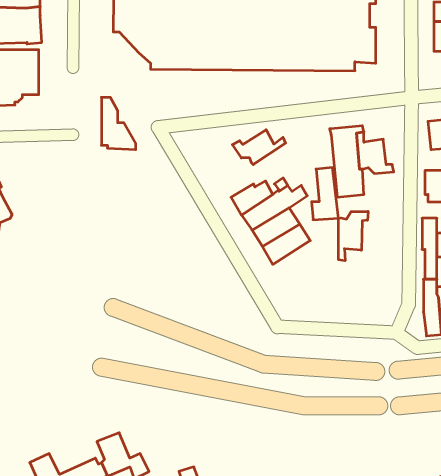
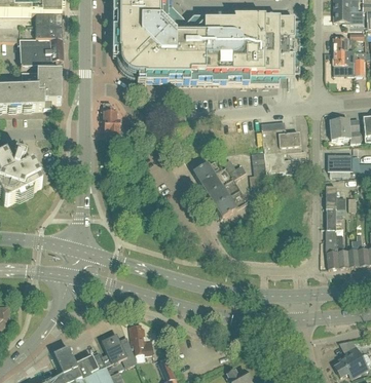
building: [232,130,286,165] -> none
building: [339,211,368,261] -> none
building: none -> [129,322,153,352]

